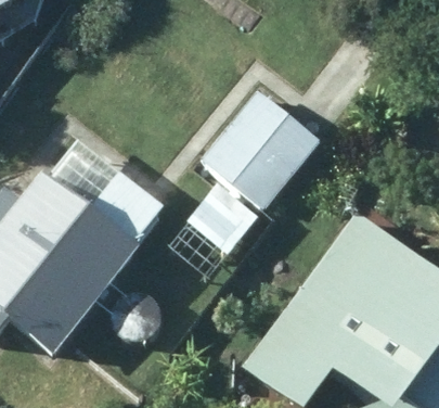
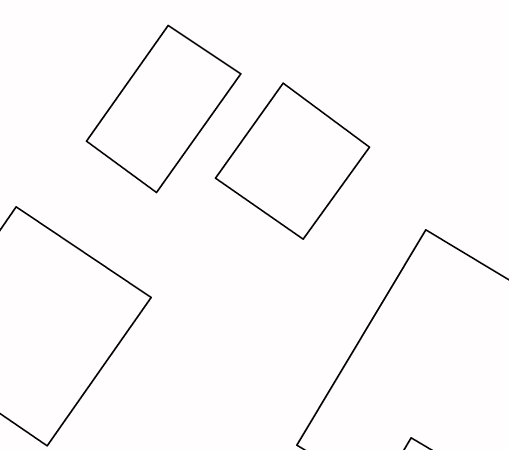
building: none -> [87,25,241,192]

